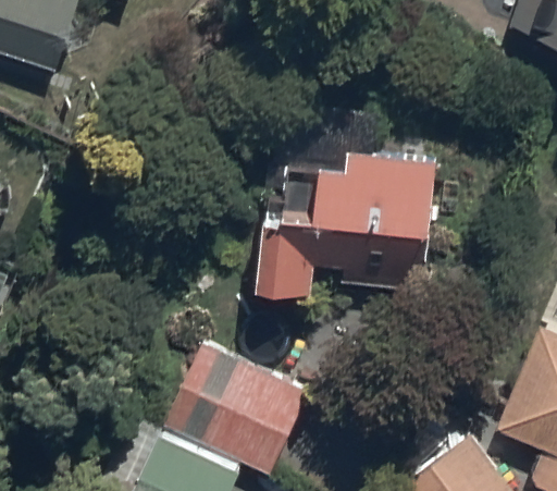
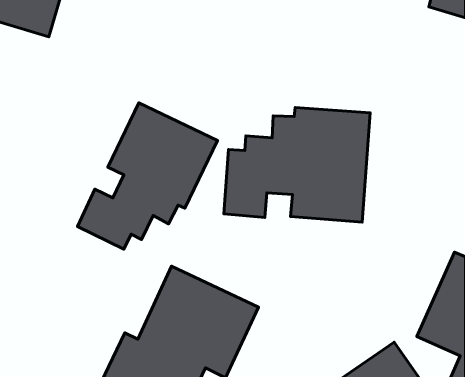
building: none -> [78,103,217,249]

